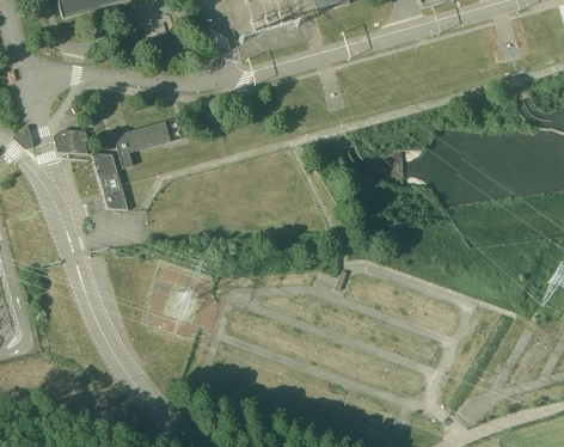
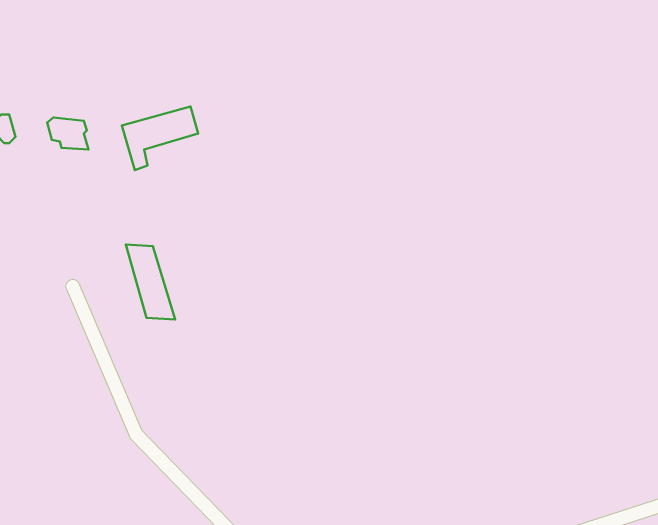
building: [92,152,129,208] -> [126,245,175,319]

